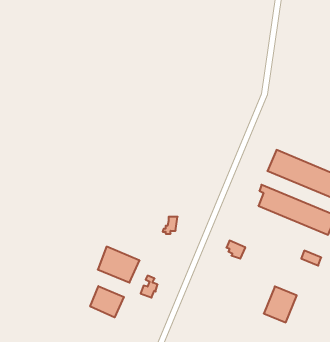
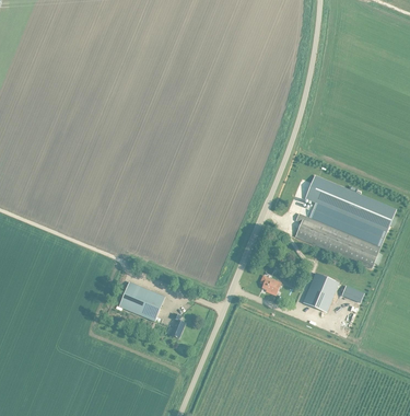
building: [90,286,124,317] -> none
building: [264,286,297,322] -> [302,273,338,312]

